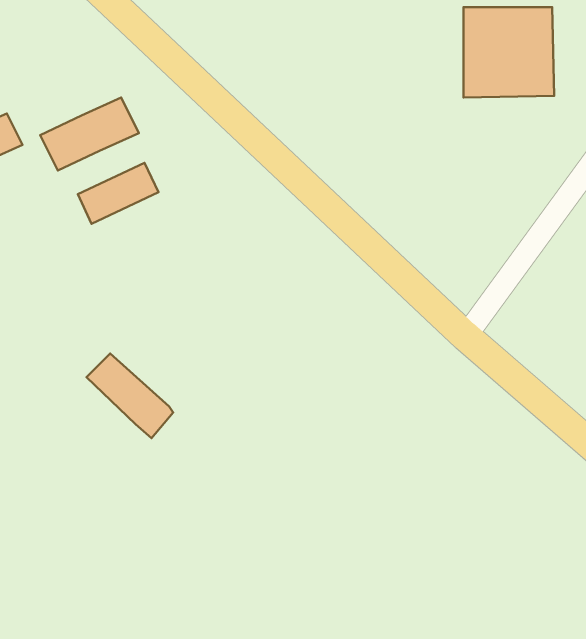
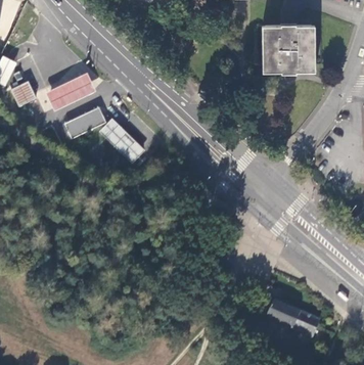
building: [86,353,173,438] -> [99,118,144,162]
building: none -> [266,298,320,334]

